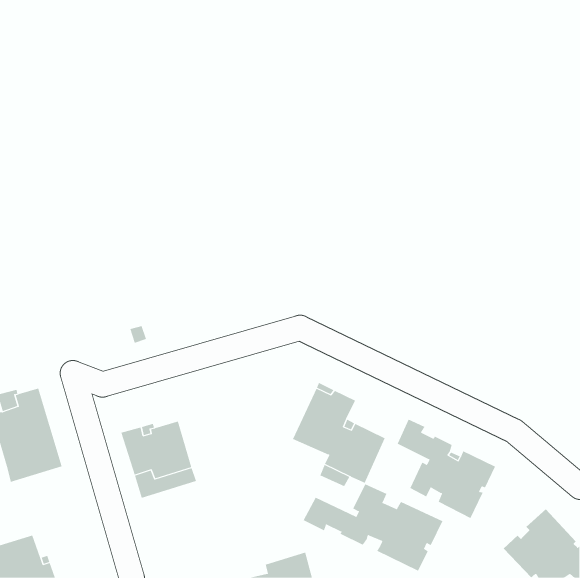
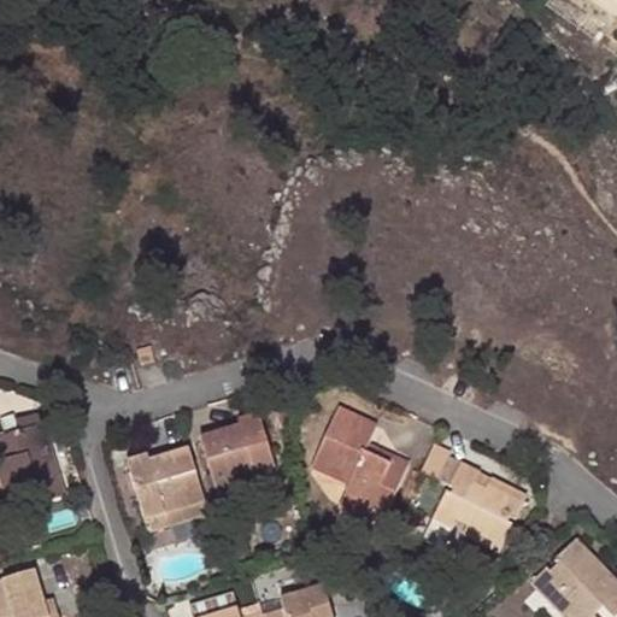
building: none -> [200,412,276,487]
building: [303,484,443,572] -> none

